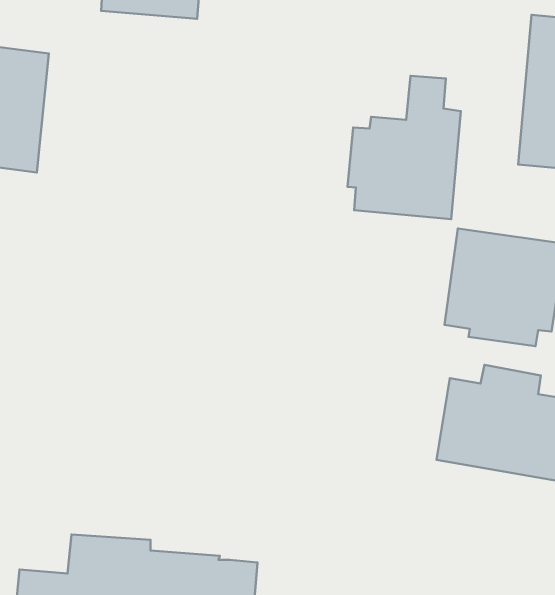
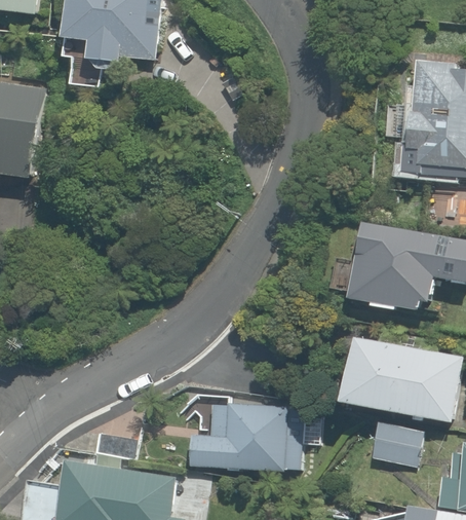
building: [348,76,461,219] -> none
building: none -> [186,400,306,474]
building: none -> [373,423,420,468]

